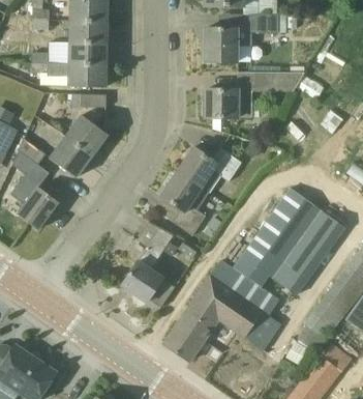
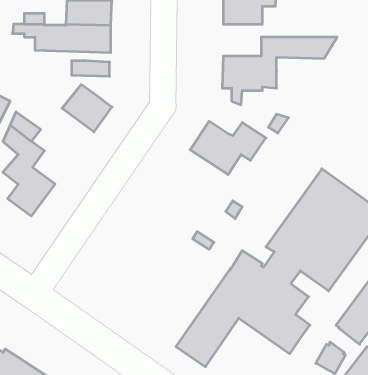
building: [49,135,92,176] -> none
building: [160,171,209,235] -> none
building: [121,221,175,307] -> none

